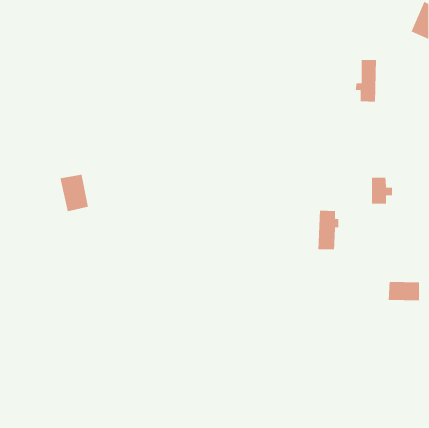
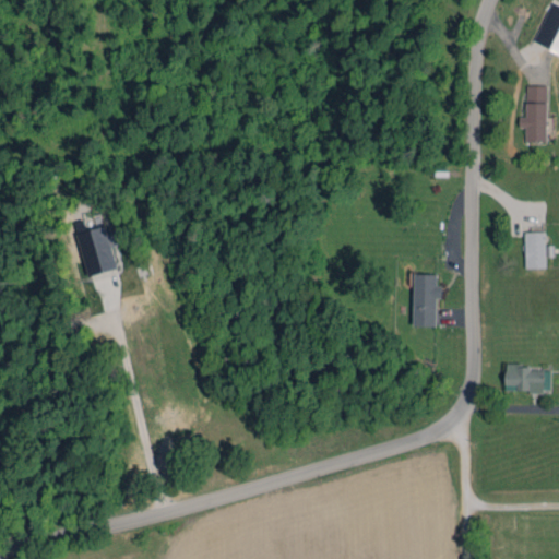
building: [355,59,377,103] -> [519,86,547,143]
building: [371,177,393,205] -> [525,233,554,269]

